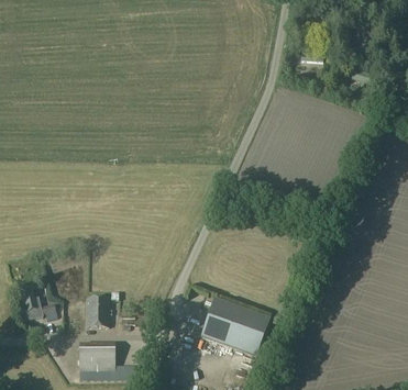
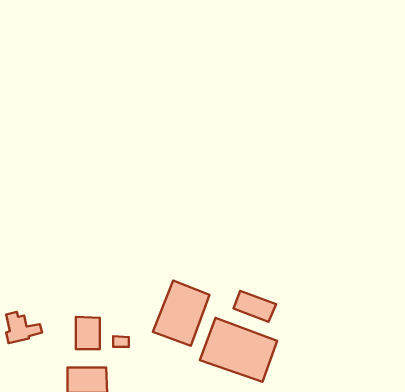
building: none -> [153,281,210,346]
building: none -> [233,291,276,322]

